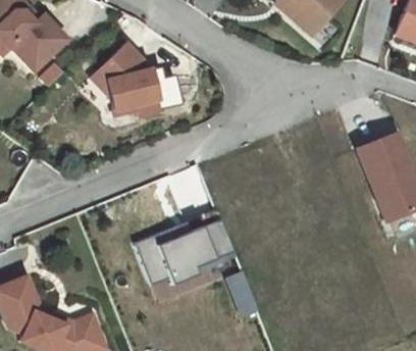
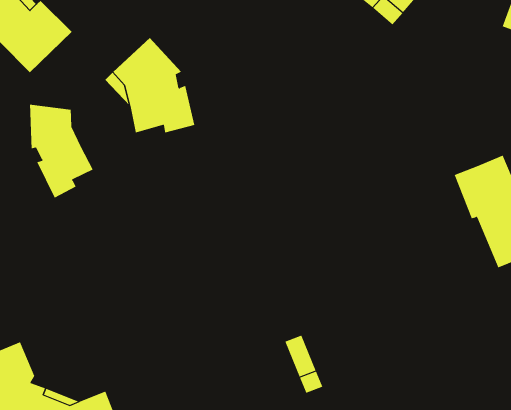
building: none -> [30,104,94,198]
building: [136,218,236,285] -> none

